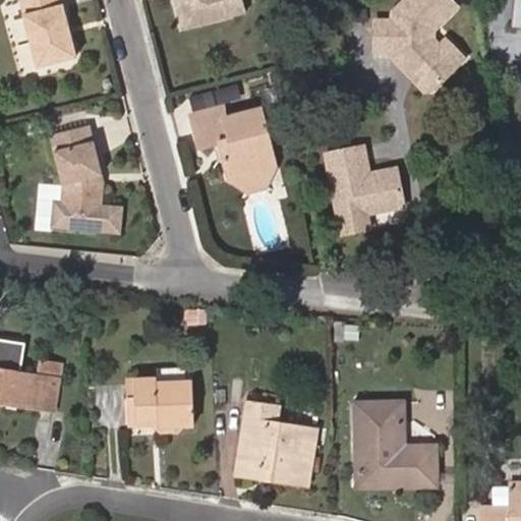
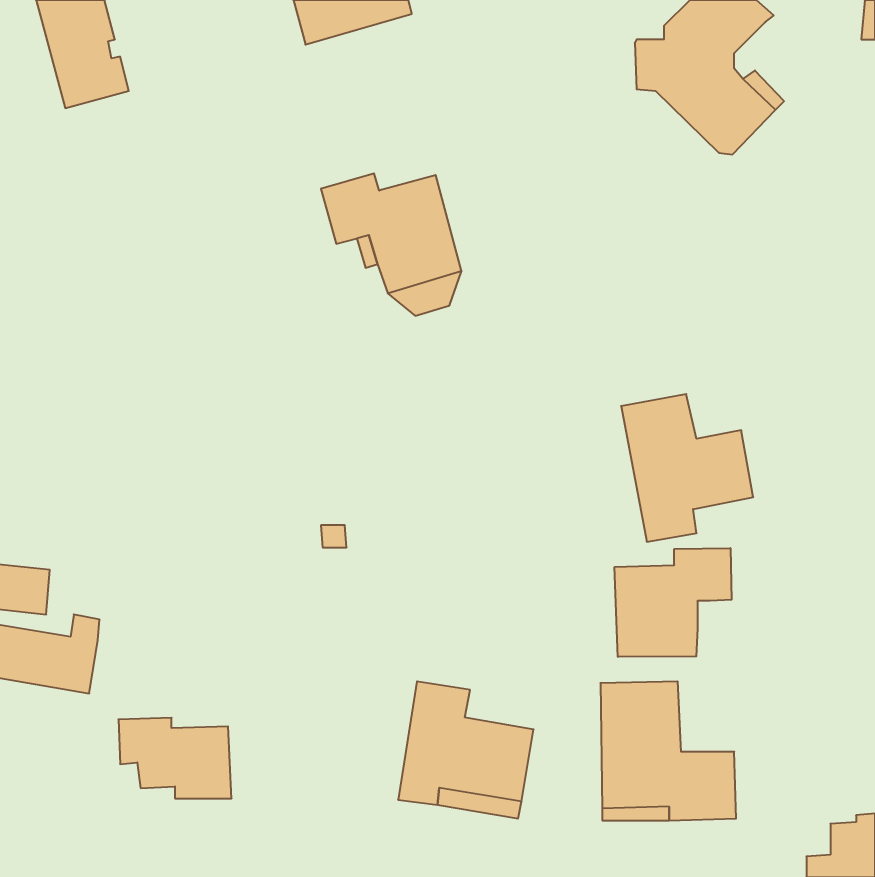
building: [46,121,121,228] -> none
building: [328,149,406,236] -> [621,394,753,542]
building: none -> [615,548,732,657]
building: [125,379,192,426] -> [118,718,232,798]

